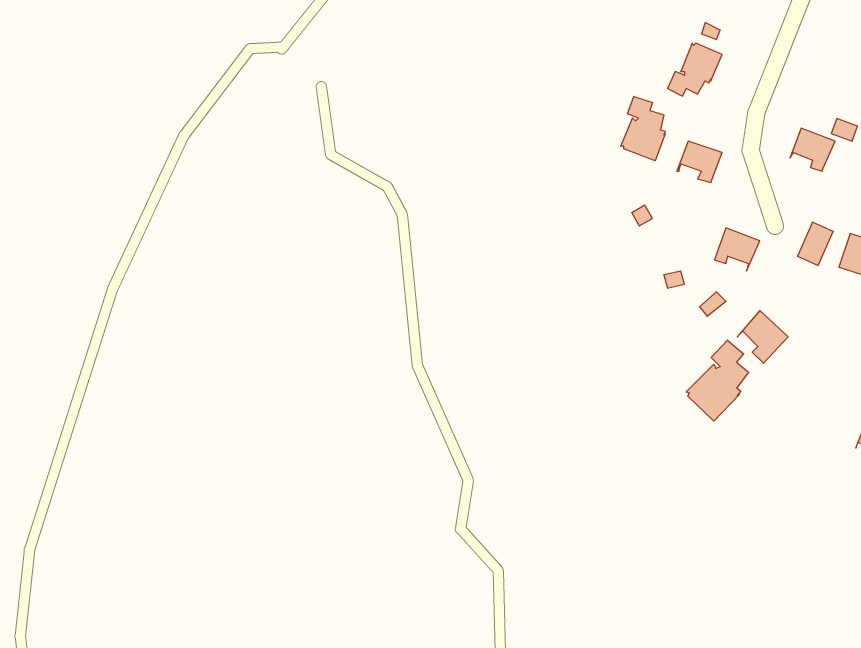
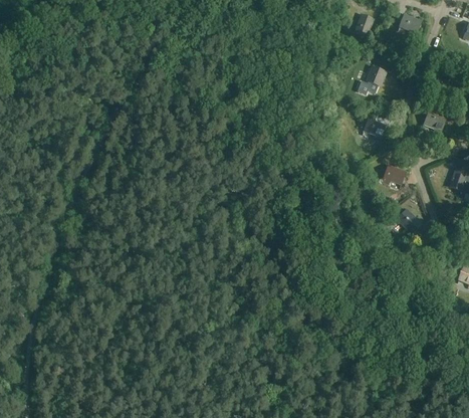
building: [621,96,665,161] -> none
building: [686,340,749,421] -> none

